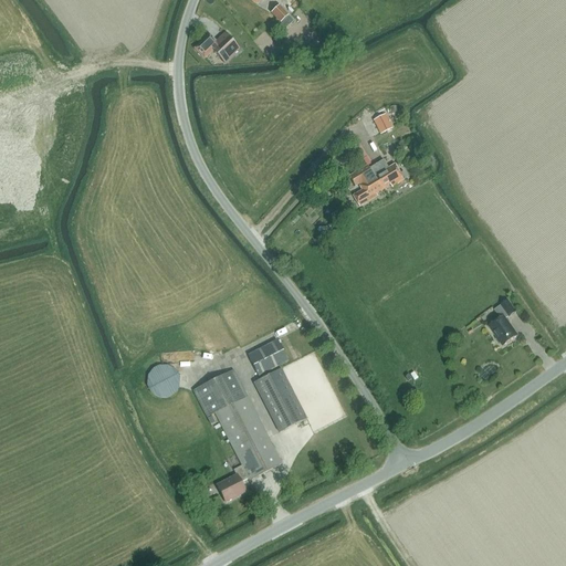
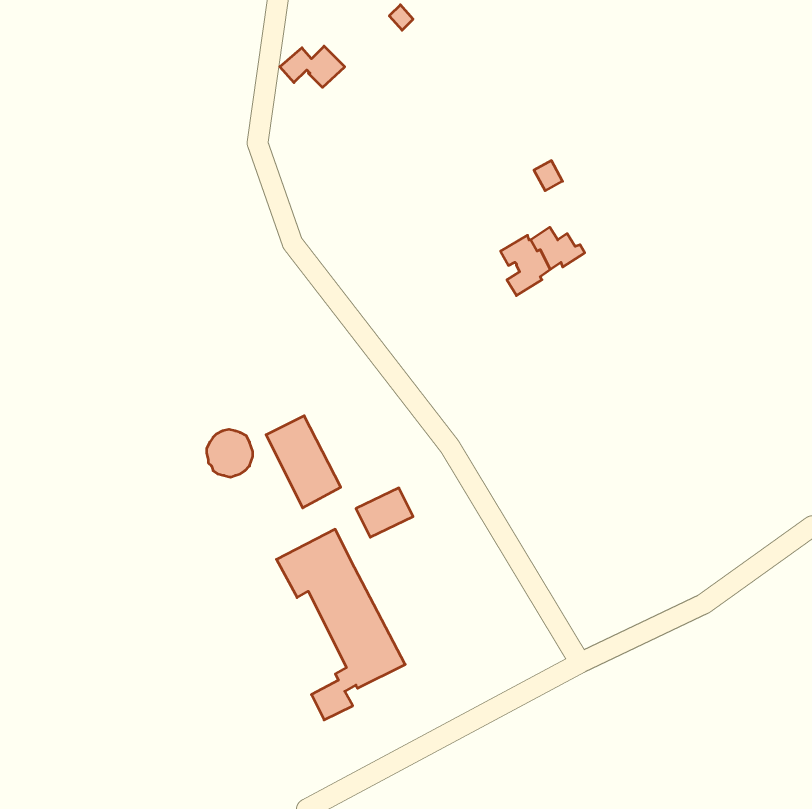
building: [489,298,517,345] -> none
building: [147,364,179,397] -> [207,429,253,477]
building: [254,367,306,431] -> [266,416,341,508]

